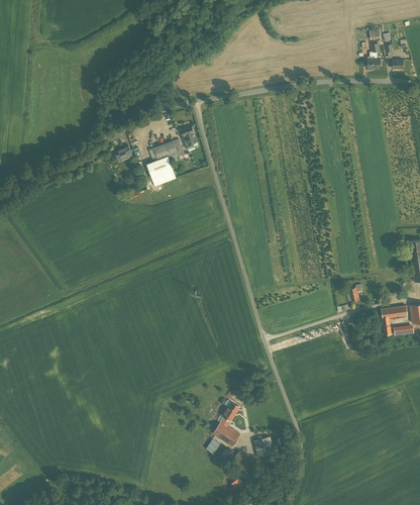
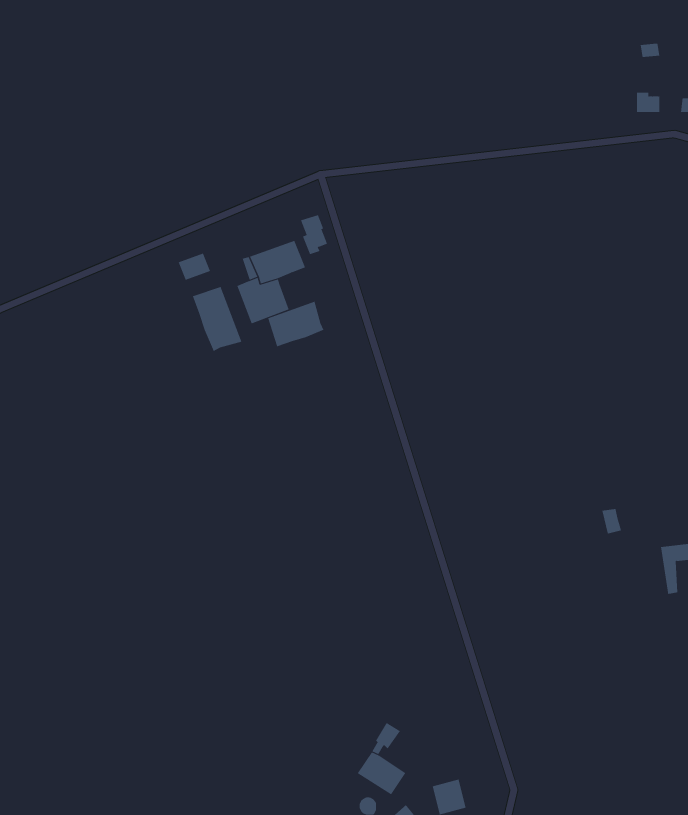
building: none -> [192,286,242,352]
building: none -> [267,301,324,347]

